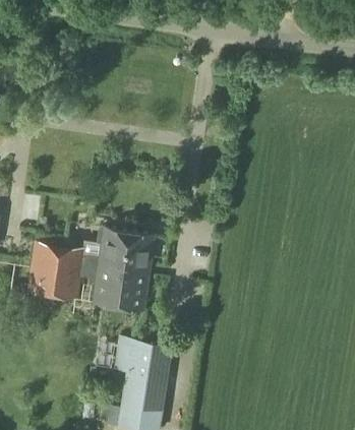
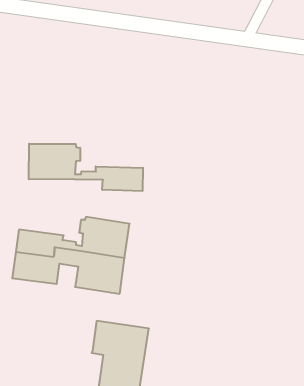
building: none -> [29,144,143,191]

